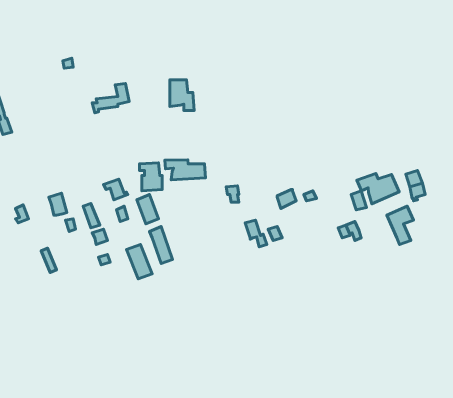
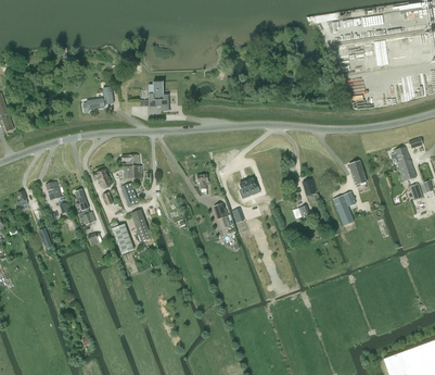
building: [165,160,205,180] -> none
building: [357,174,399,204] -> none

